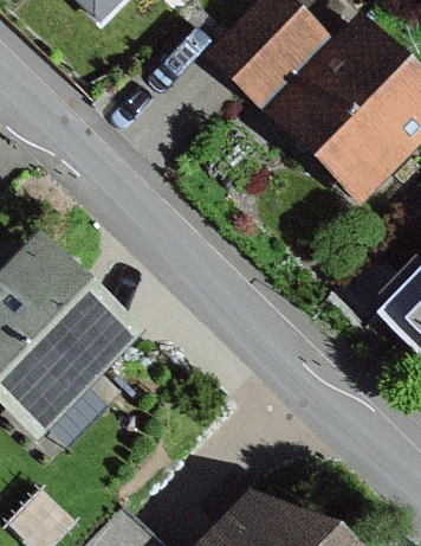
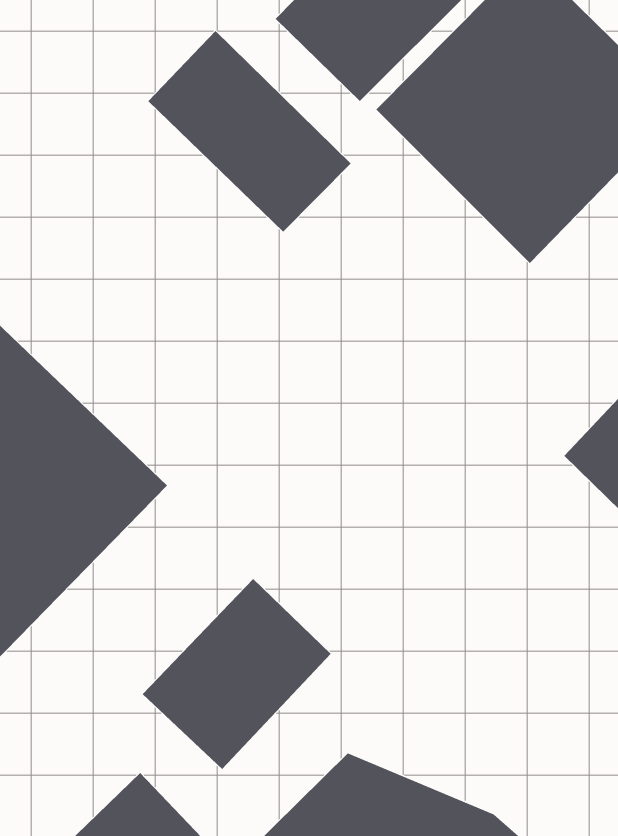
building: none -> [148,30,351,233]
building: none -> [142,578,332,770]

